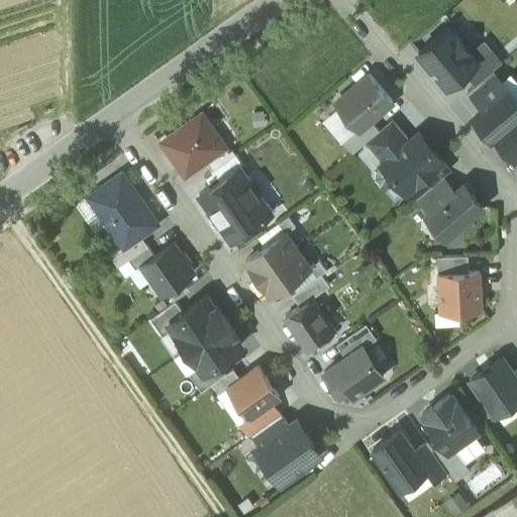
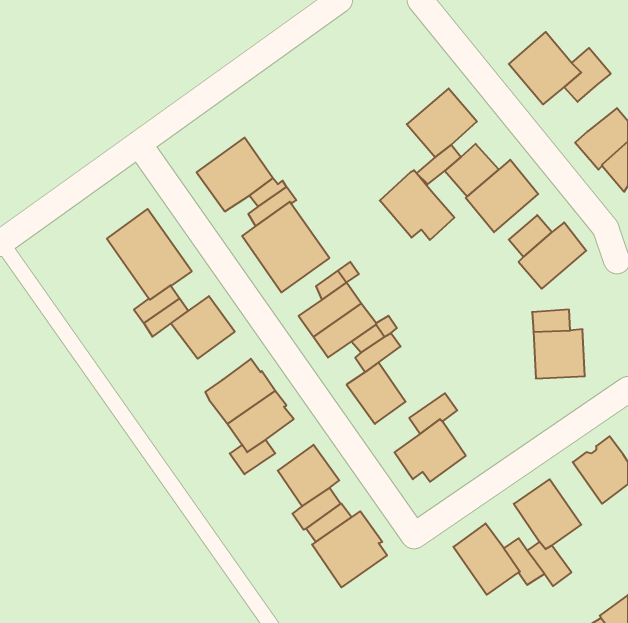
building: [468,74,507,112] -> none
building: none -> [380,170,454,240]
building: [150,304,183,339] -> none

